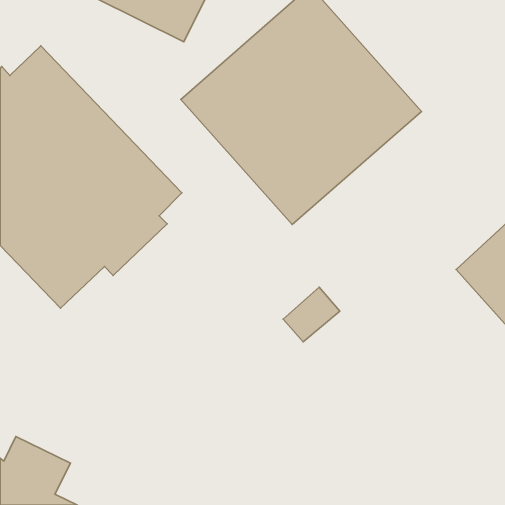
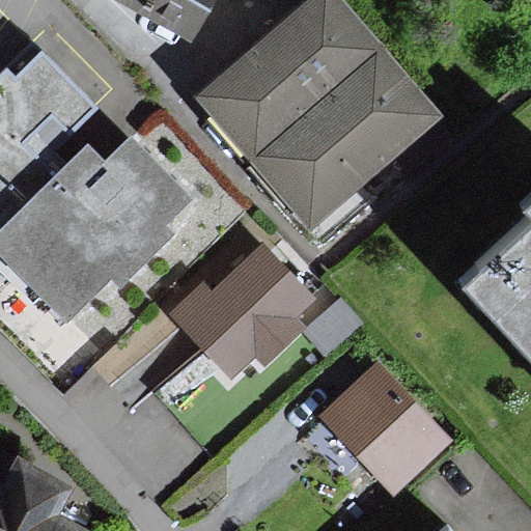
building: none -> [167,246,309,374]
building: none -> [317,361,446,492]

